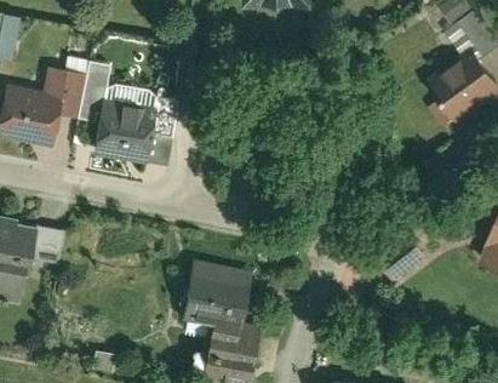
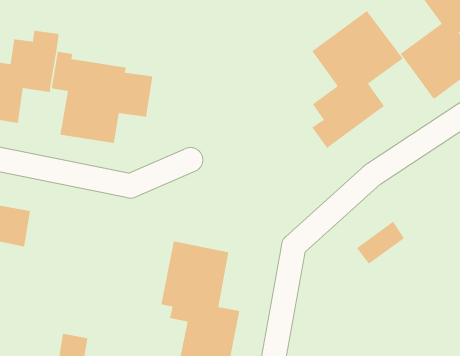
building: none -> [312,10,404,149]

